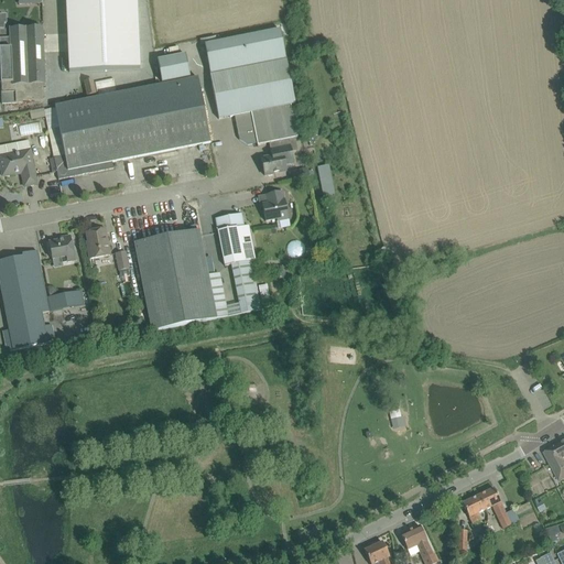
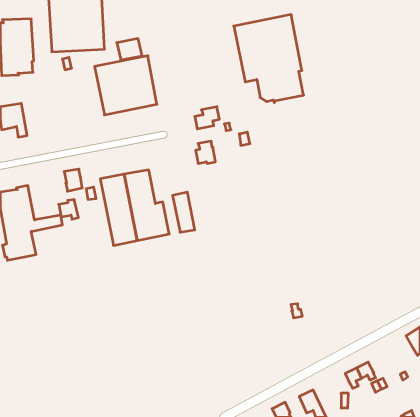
building: [204,26,297,144] -> [234,15,304,102]
building: [45,89,140,177] -> none
building: [216,212,256,263] -> none
building: [50,234,76,260] -> [59,200,78,219]

